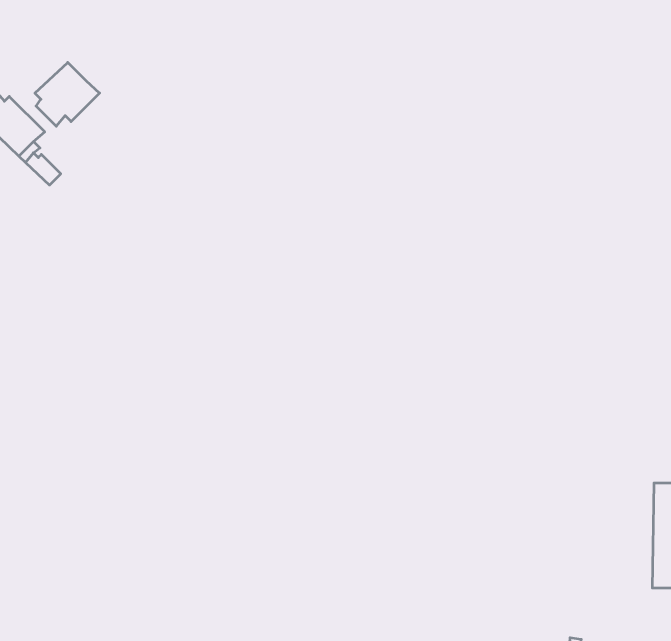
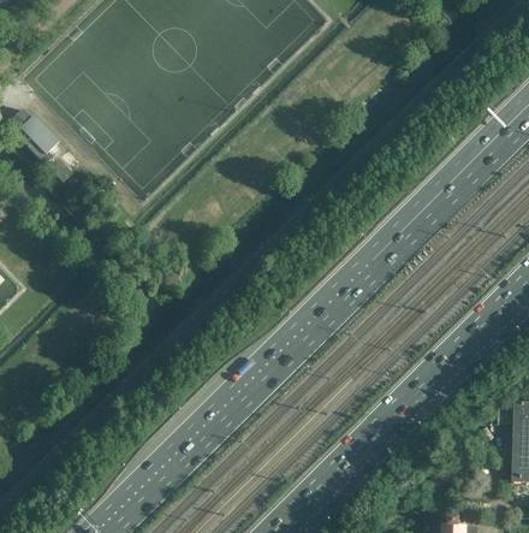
building: [35,62,100,126] -> none

